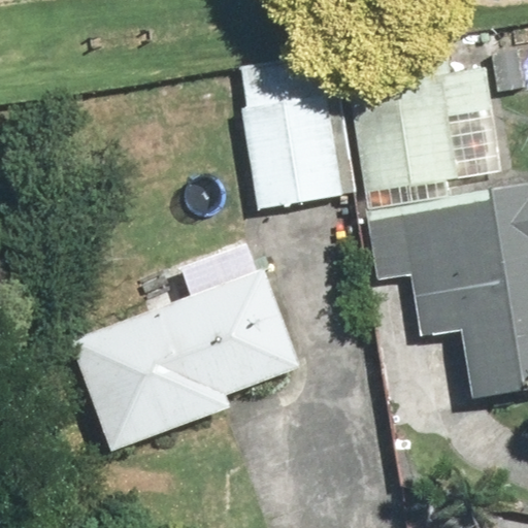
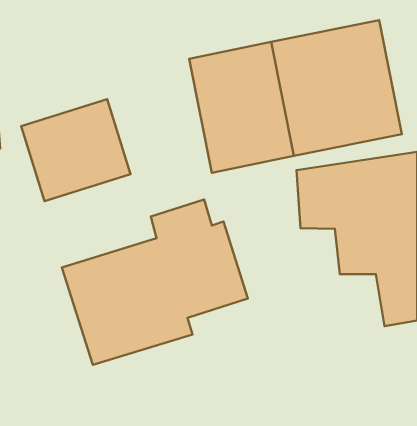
building: none -> [21,99,130,201]

